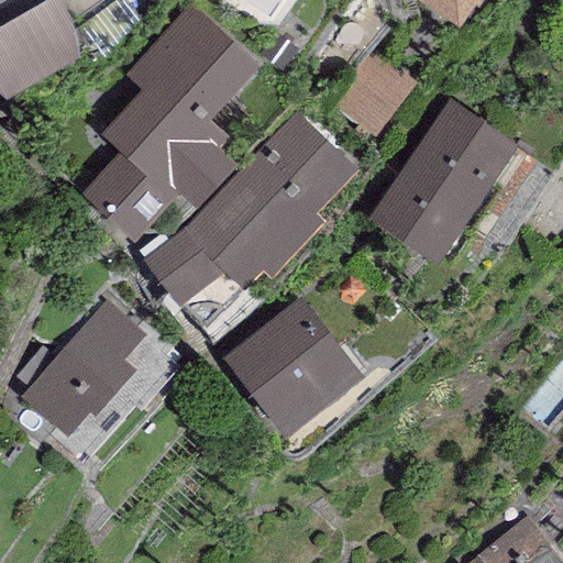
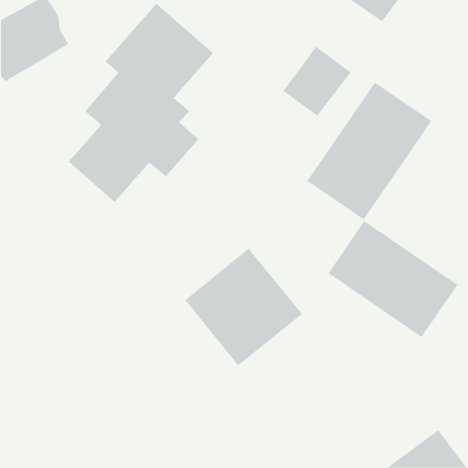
building: [144,110,358,309] -> none
building: none -> [328,220,458,338]
building: [20,299,144,438] -> none

